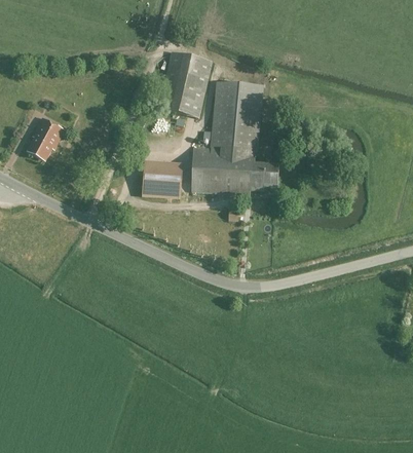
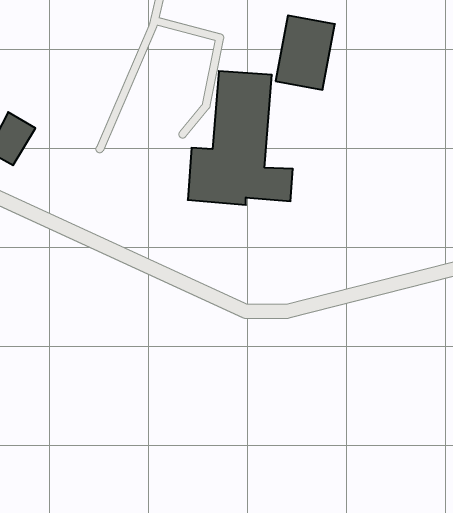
building: [161,52,211,114] -> [276,15,335,90]
building: [141,160,181,197] -> none

